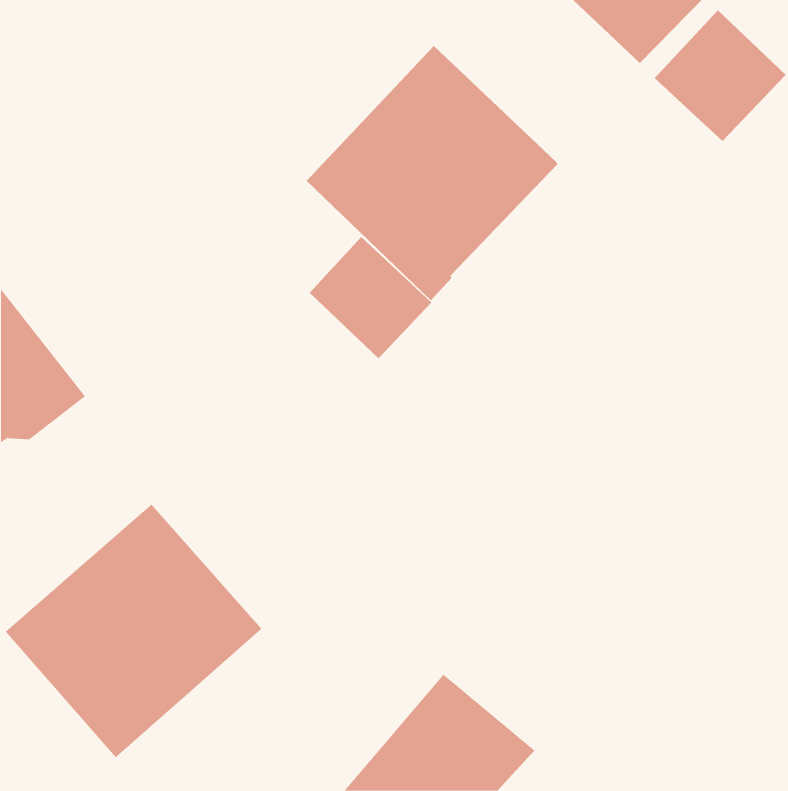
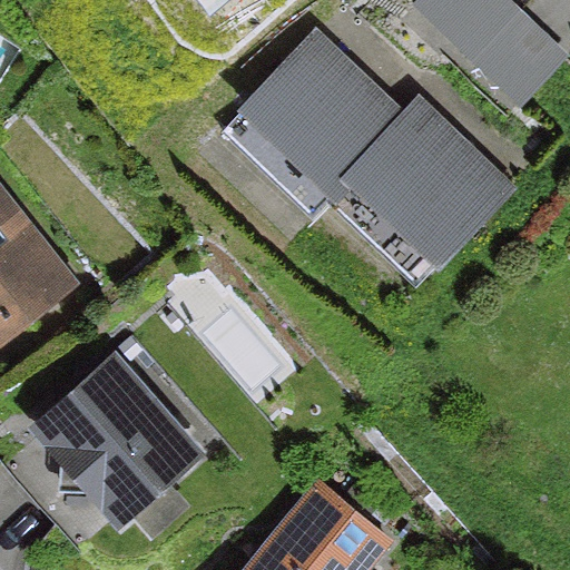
building: none -> [328,100,509,283]
building: [309,236,432,359] -> none

